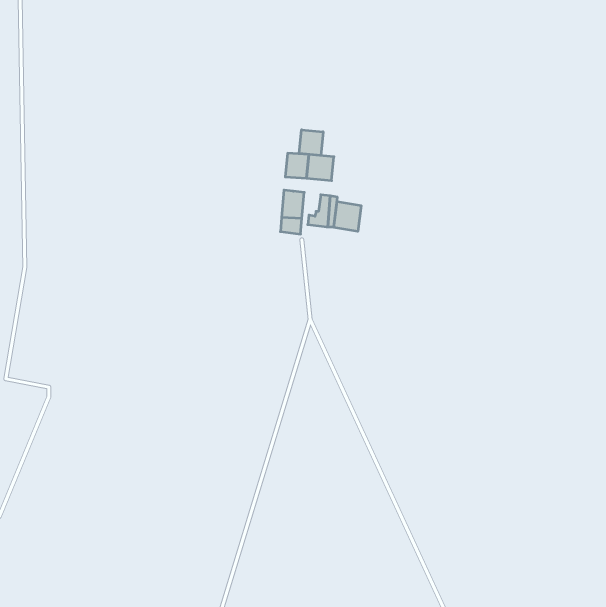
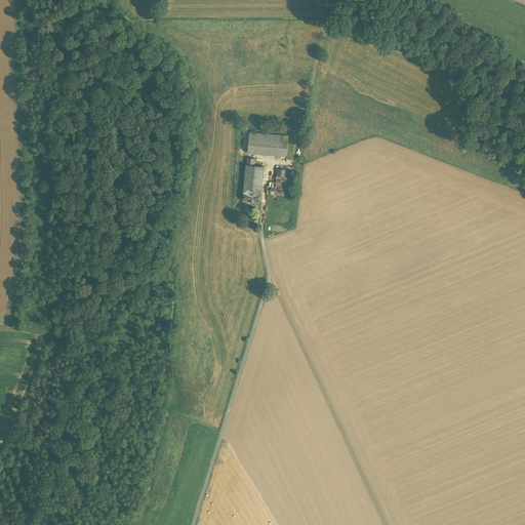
building: [299,130,323,155] -> none
building: [334,202,361,231] -> none

